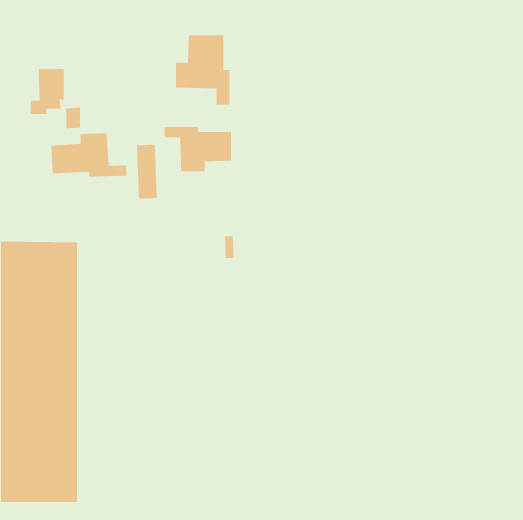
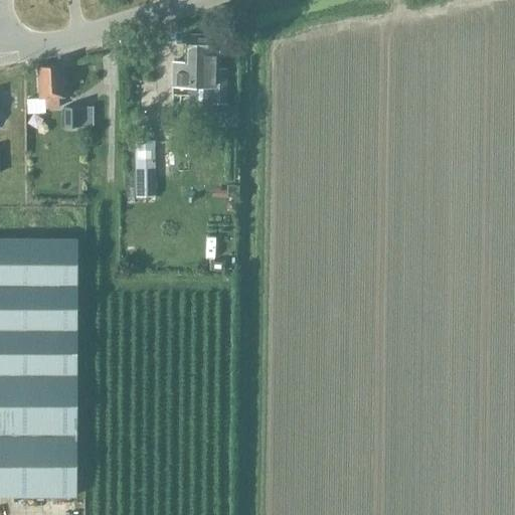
building: [164,126,232,172] -> none
building: [51,132,127,178] -> none

